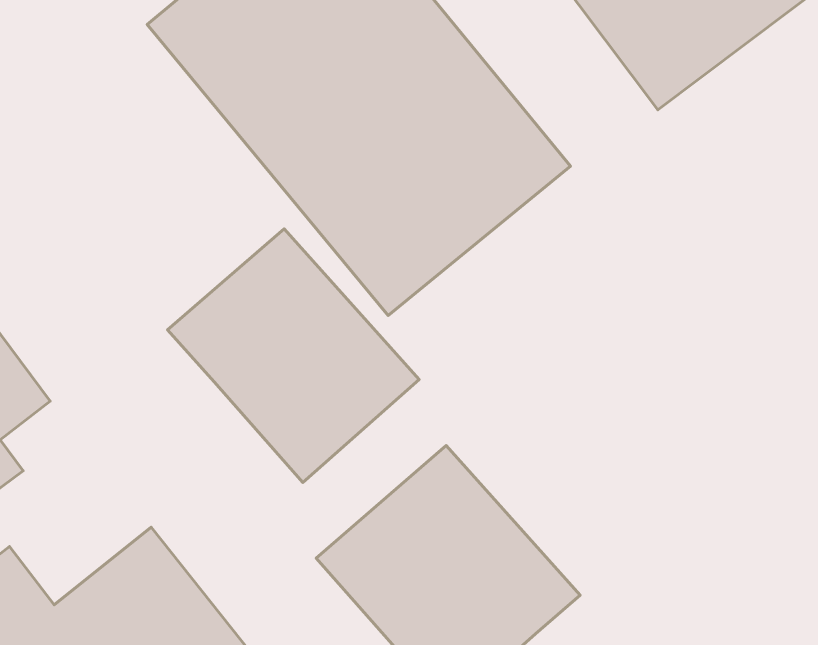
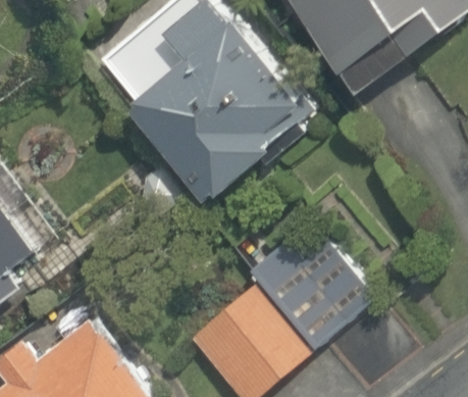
building: [168,229,419,482] -> none
building: none -> [232,220,391,352]

